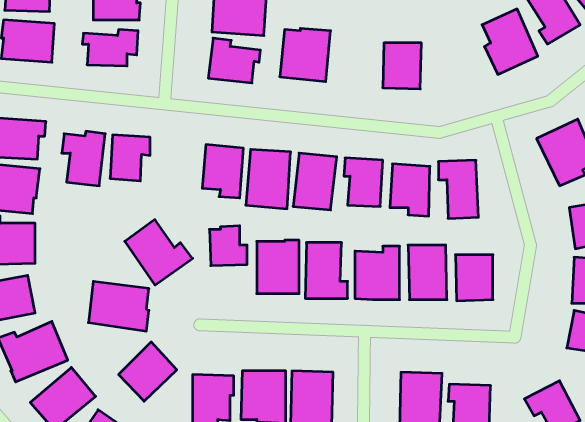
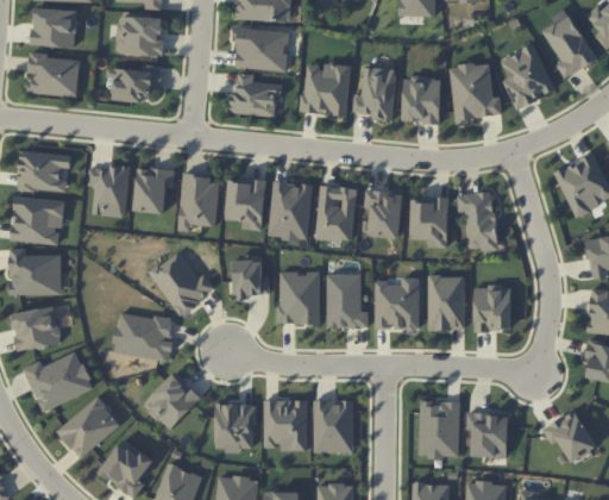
building: none -> [450,63,503,120]
building: none -> [353,67,396,120]
building: none -> [180,173,220,231]

